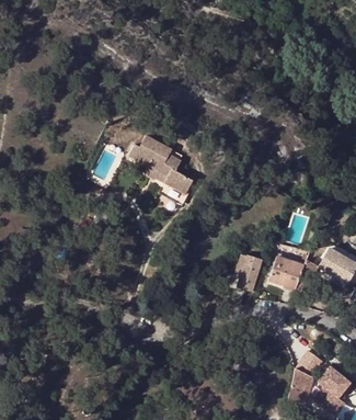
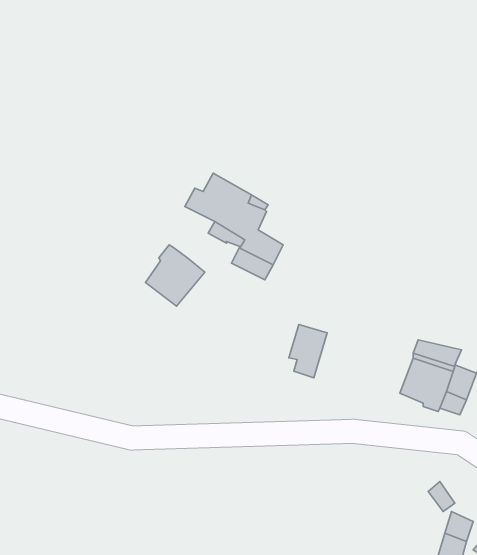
building: none -> [145,245,205,306]
building: [234,254,260,290] -> [289,325,327,378]

